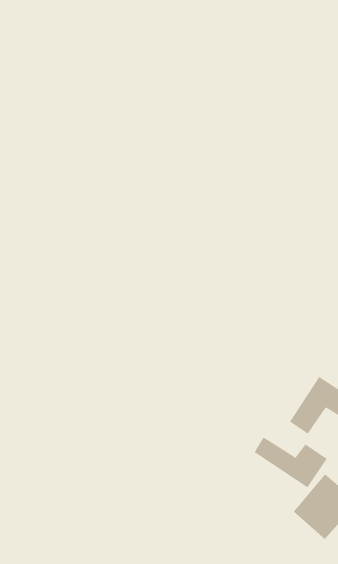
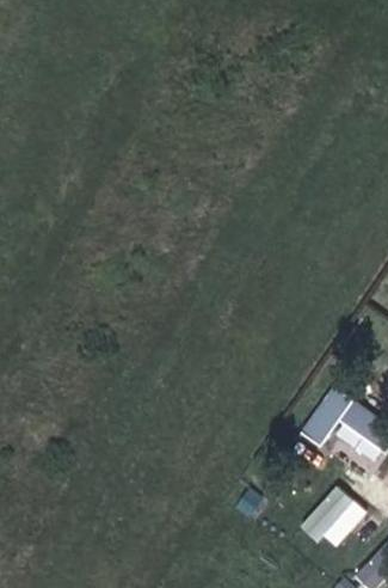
building: [254,437,328,488] -> none

